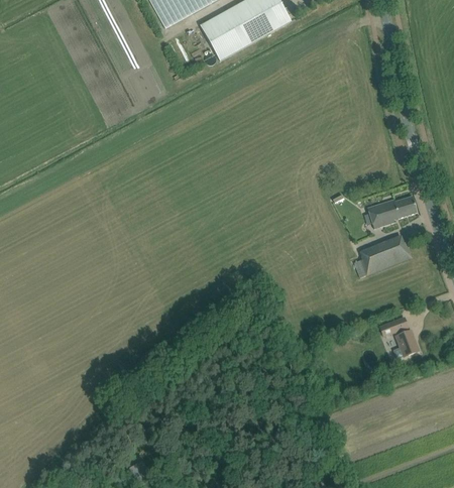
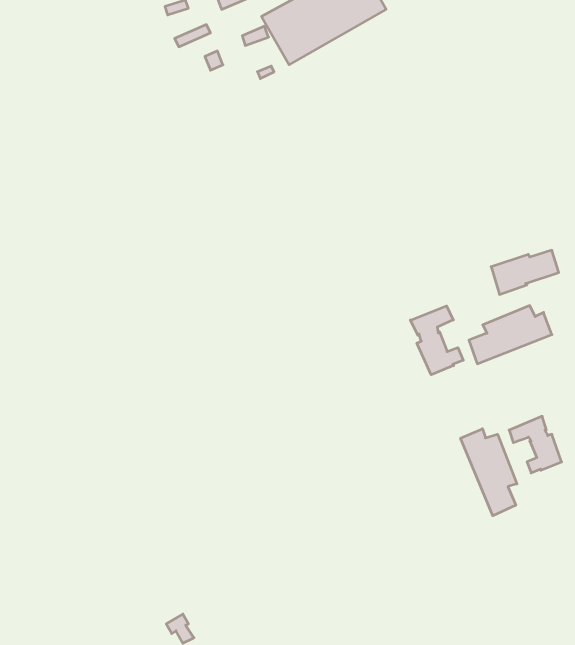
building: none -> [410,306,463,375]
building: none -> [461,429,517,516]

